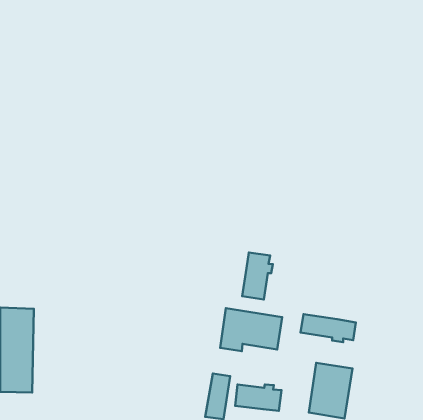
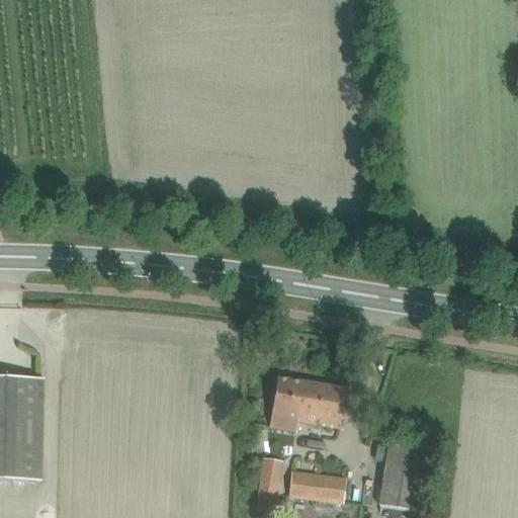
building: [242,252,273,300] -> none
building: [301,314,356,342] -> none

